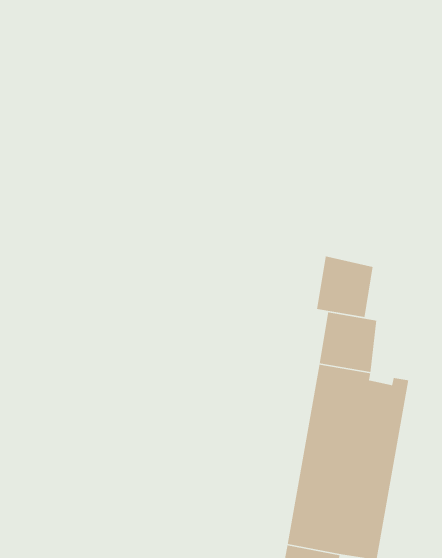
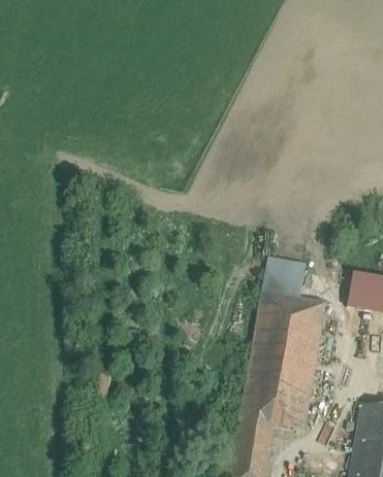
building: [316,255,373,318] -> none

